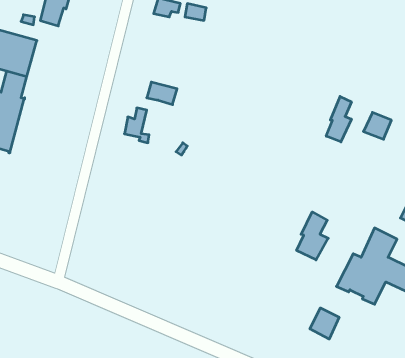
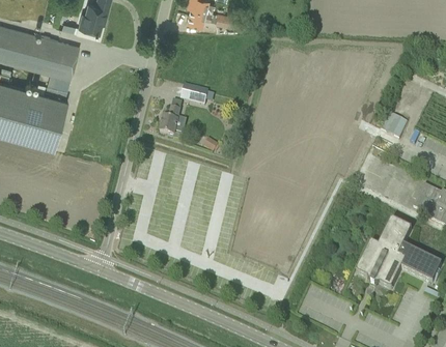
building: [326,96,351,142] -> none
building: [297,212,328,260] -> none
building: [310,308,339,339] -> none

